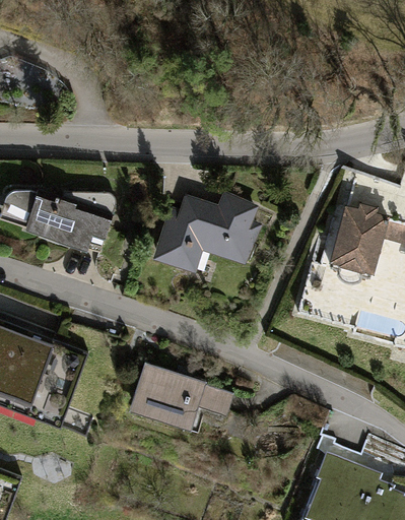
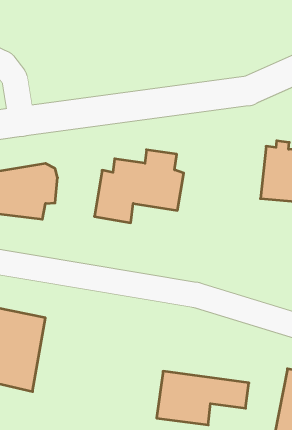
building: [129,365,233,430] -> [157,371,249,425]

